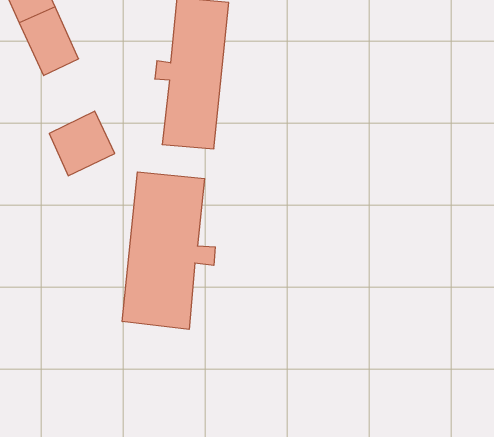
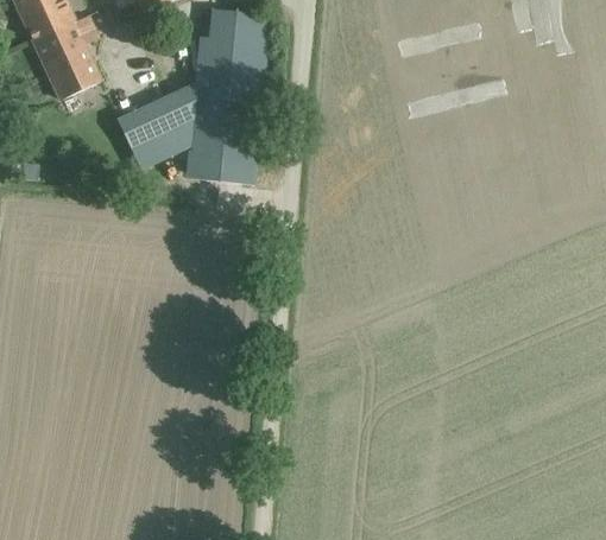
building: [49,111,115,176] -> [116,95,190,167]
building: [122,172,215,329] -> none

